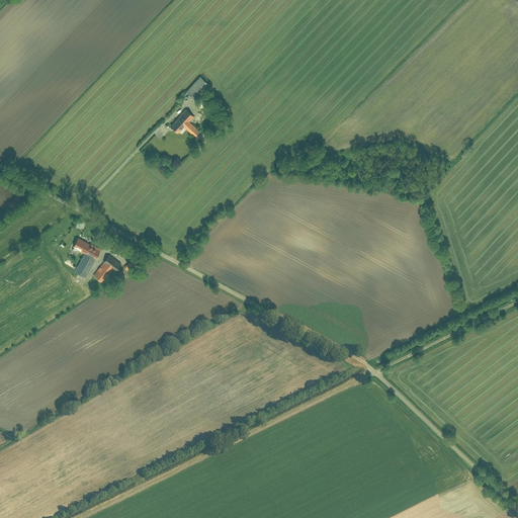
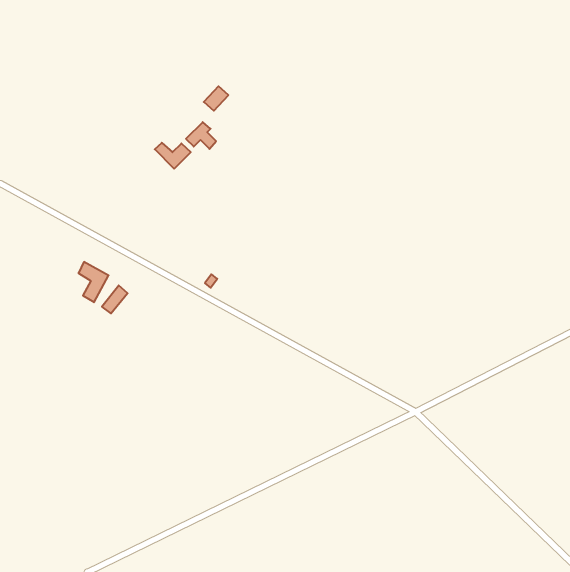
building: none -> [155,143,191,169]

